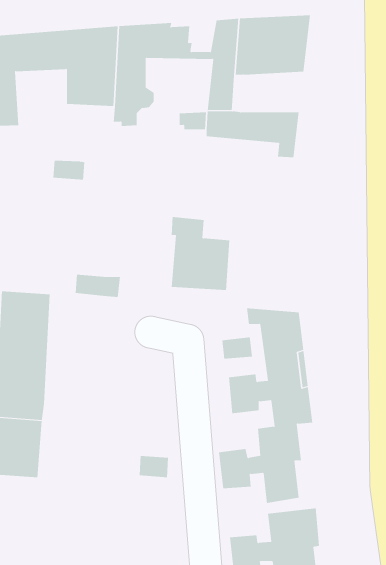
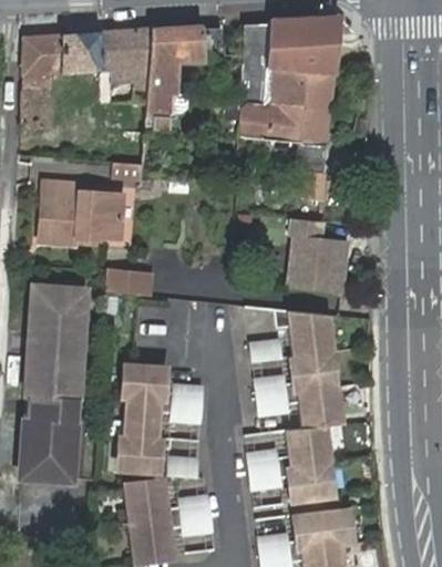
building: none -> [270,74,333,114]
building: none -> [39,184,123,246]
building: [171,217,230,290] -> [287,217,346,290]
building: none -> [121,361,204,473]
building: none -> [125,481,214,558]

